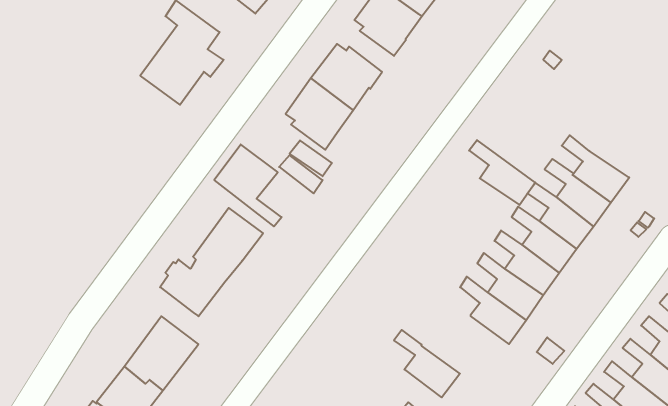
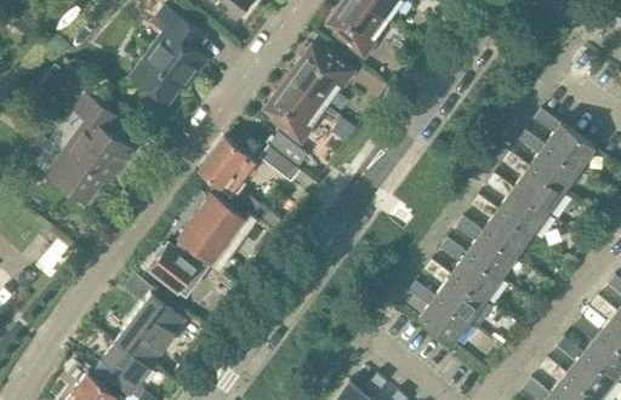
building: none -> [47,95,132,204]
building: [469,140,535,205] -> [534,110,594,170]
building: [394,330,460,397] -> [409,282,469,344]

